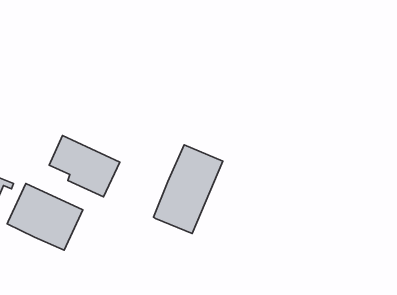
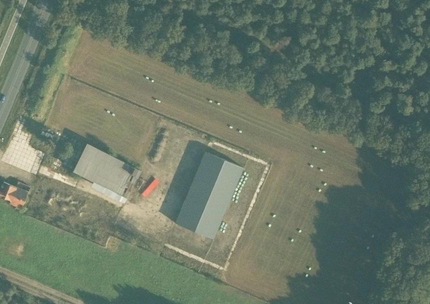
building: [7,183,83,250] -> none

